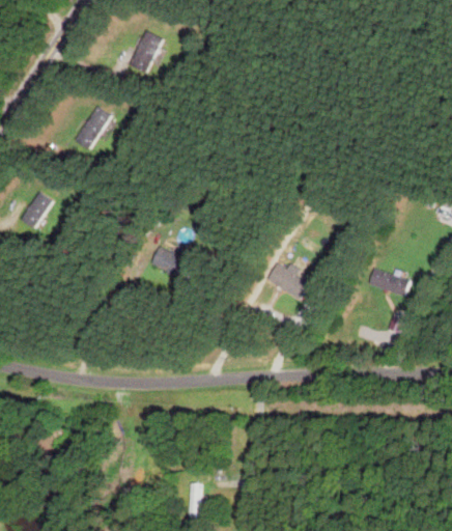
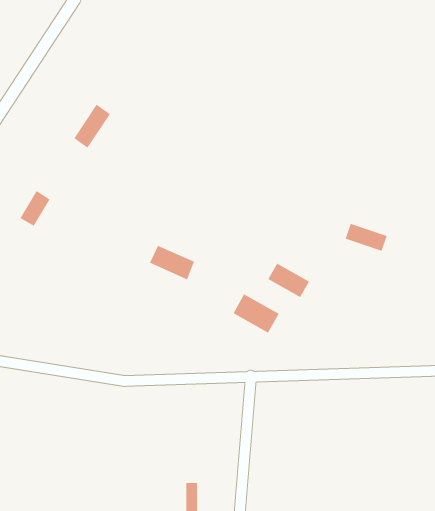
building: [128,30,165,75] -> none
building: [367,268,409,296] -> [345,223,387,251]
building: none -> [233,293,279,333]

